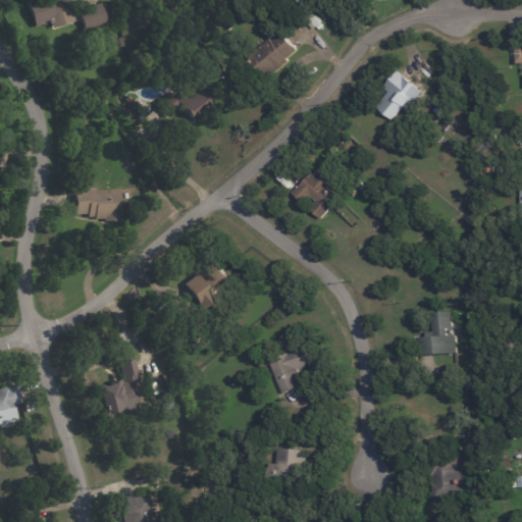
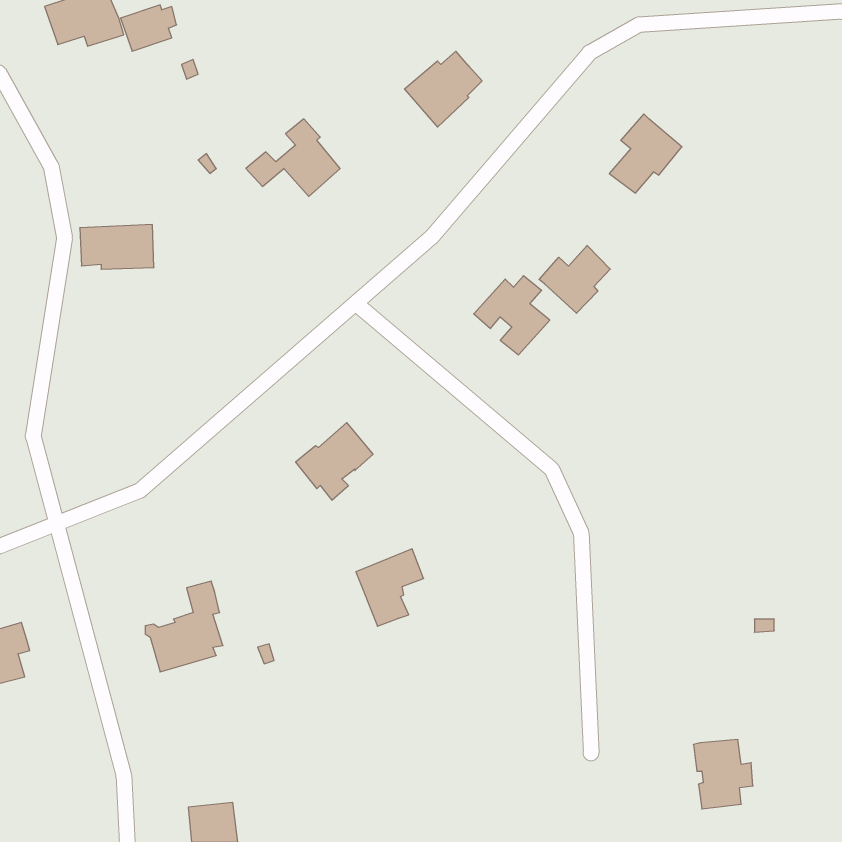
building: none -> [539,245,610,313]
building: [70,190,116,217] -> [80,225,154,269]
building: [418,312,458,355] -> none
building: [268,346,310,394] -> [356,549,424,626]
building: [265,449,301,483] -> none

